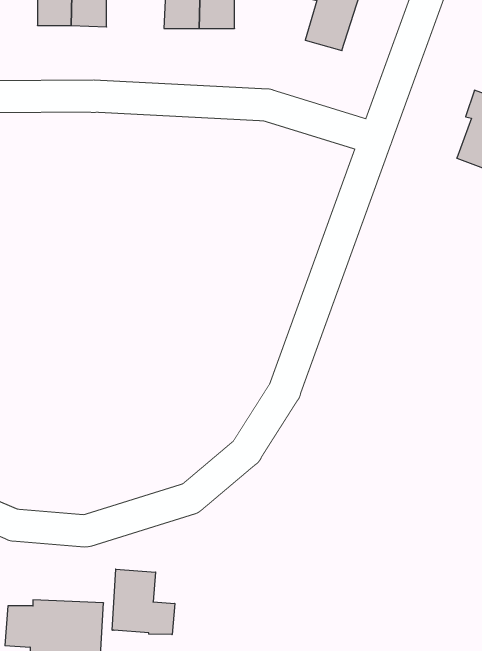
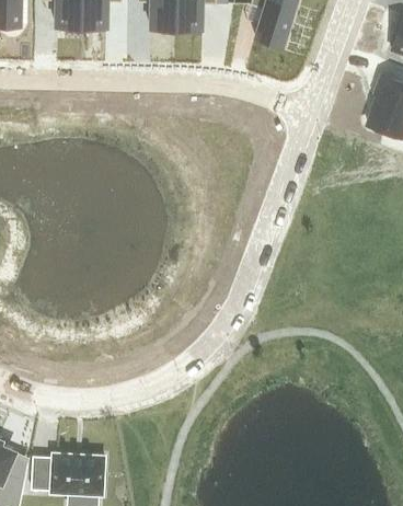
building: [112,569,175,635] -> none

